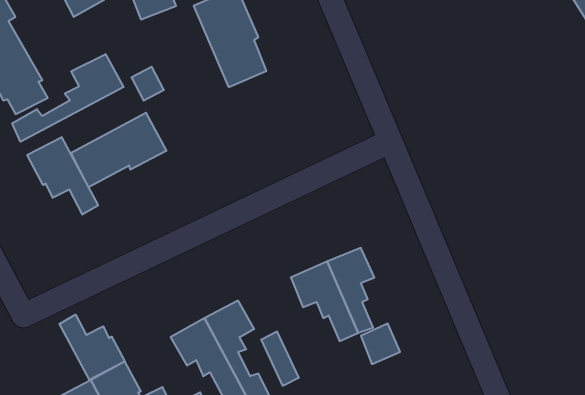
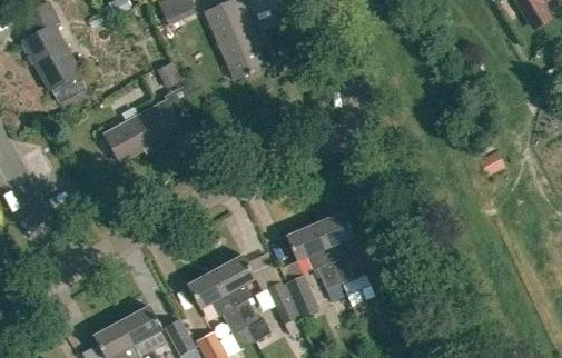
building: [12,54,124,142] -> none
building: [27,137,98,215] -> none
building: [59,315,125,380] -> none
building: none -> [282,275,314,318]

